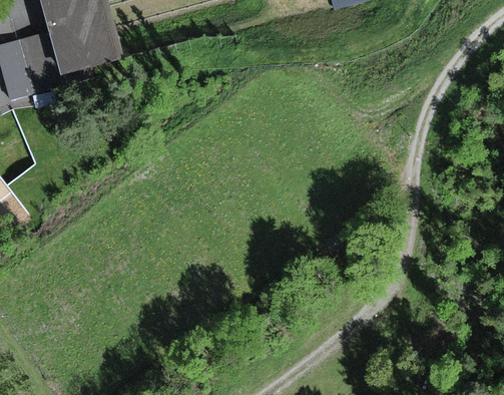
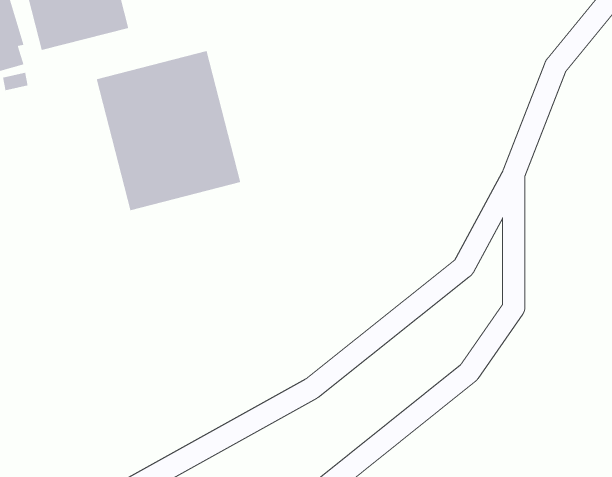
building: none -> [96,50,241,211]

